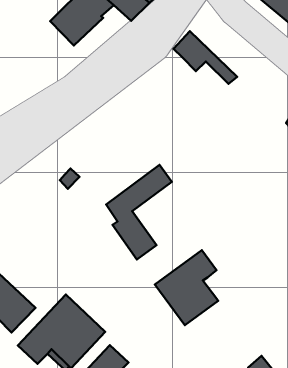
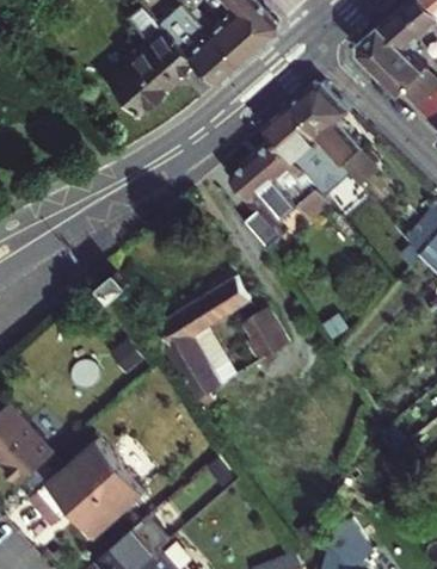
building: none -> [290,82,380,186]
building: none -> [233,138,331,249]
building: none -> [246,309,288,361]
building: [155,250,218,325] -> none

